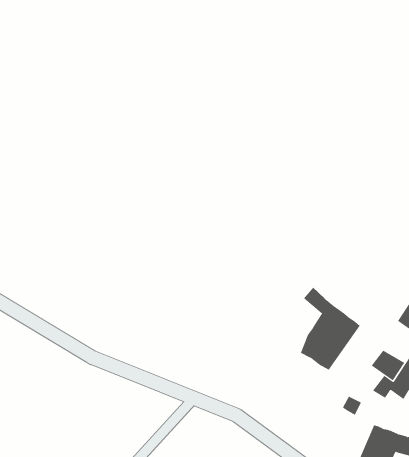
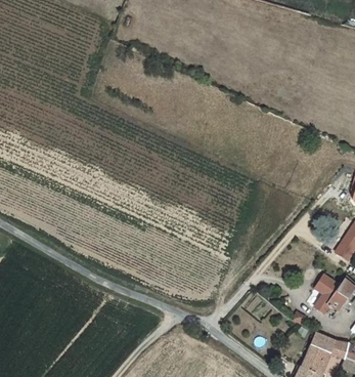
building: [300,287,360,370] -> none

